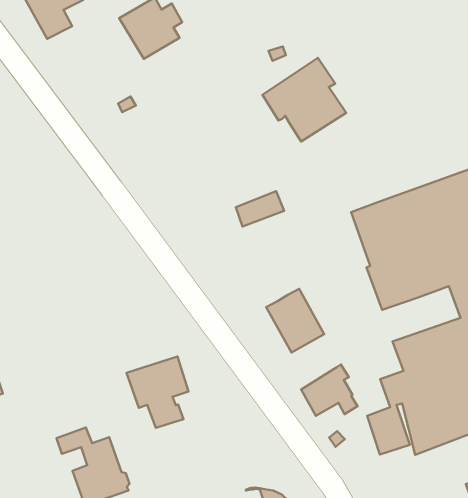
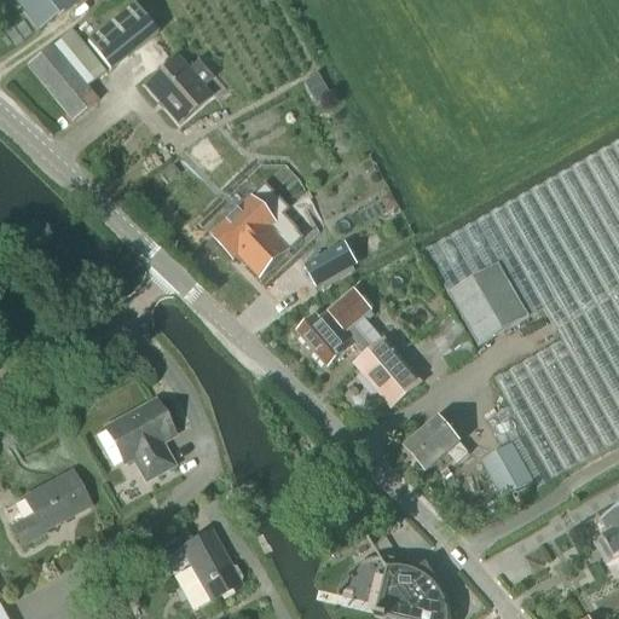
building: [263,58,346,141] -> [212,184,303,276]
building: none -> [299,287,375,365]
building: [127,356,188,428] -> [105,399,174,479]

